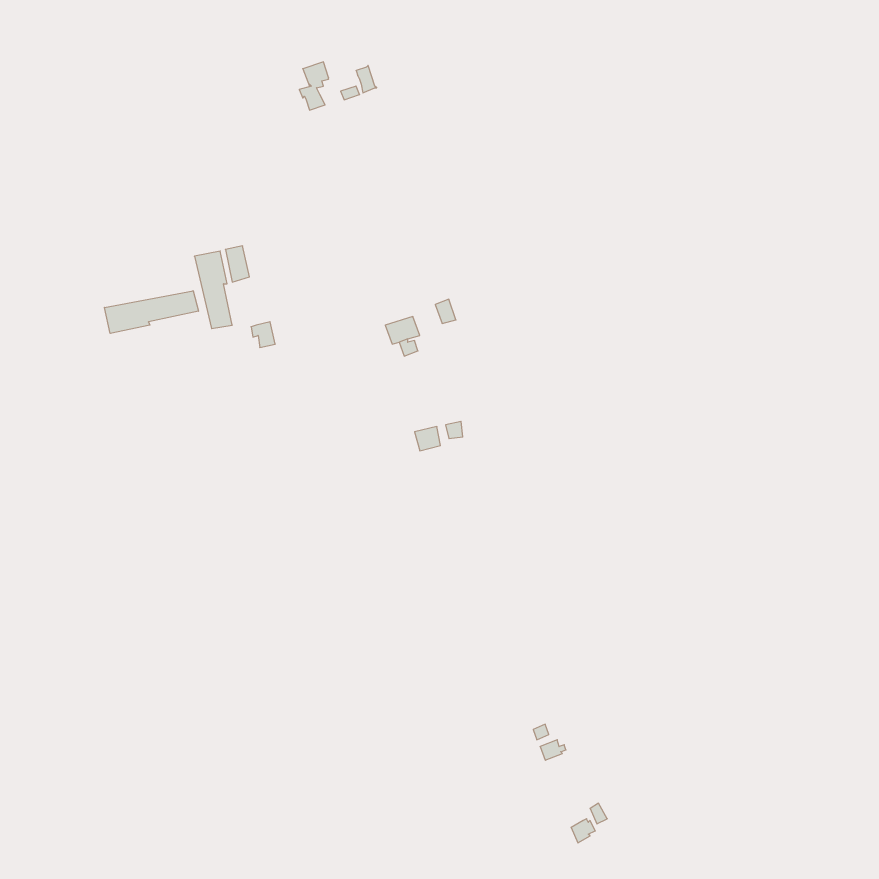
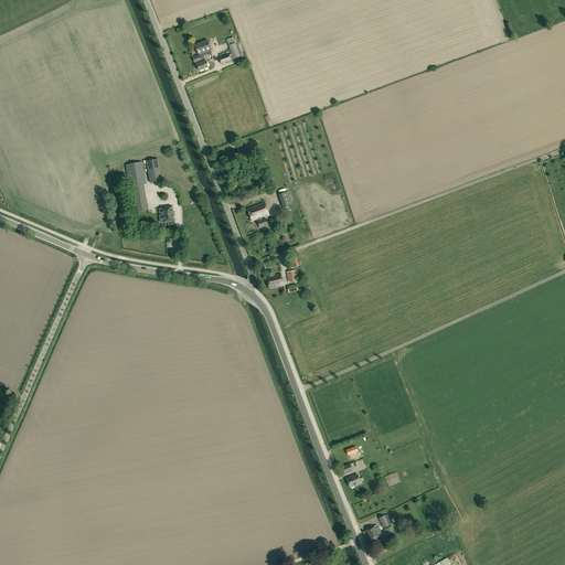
building: [104,291,198,333] -> none

